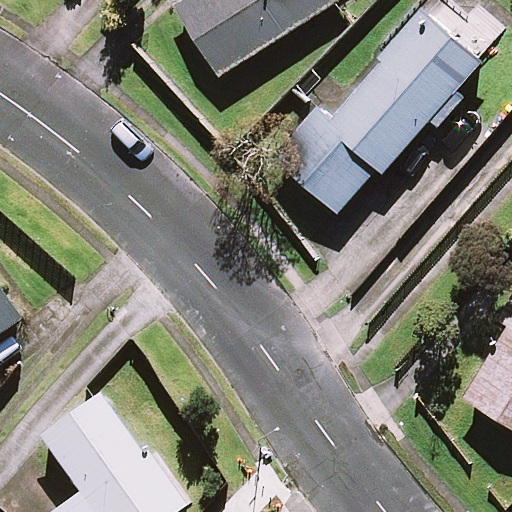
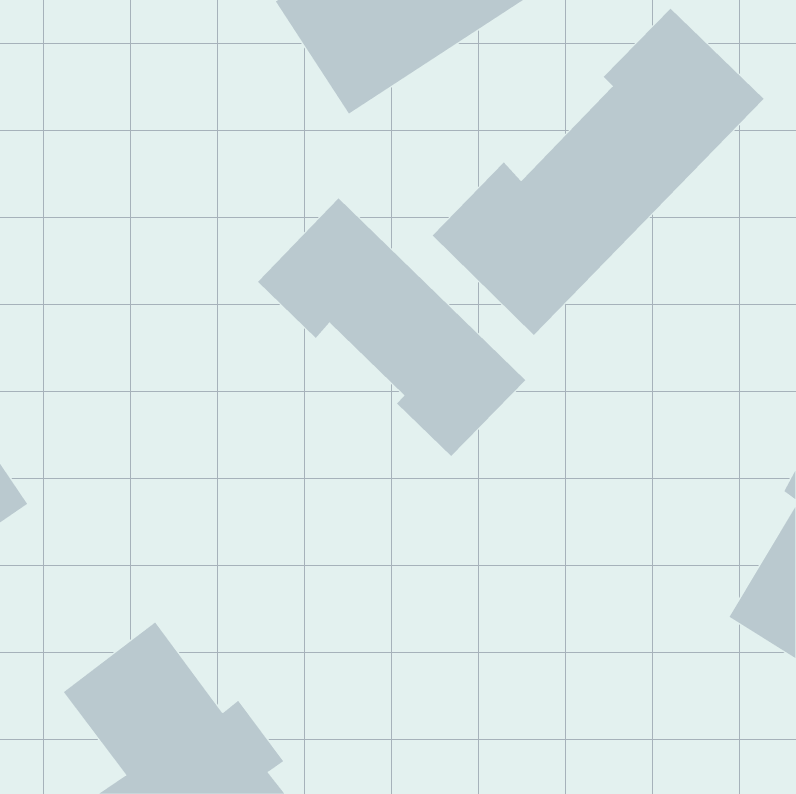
building: none -> [257,198,526,457]

